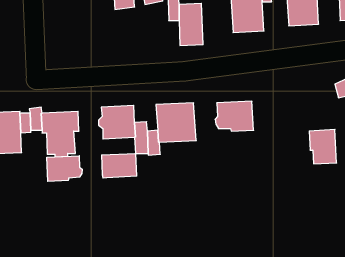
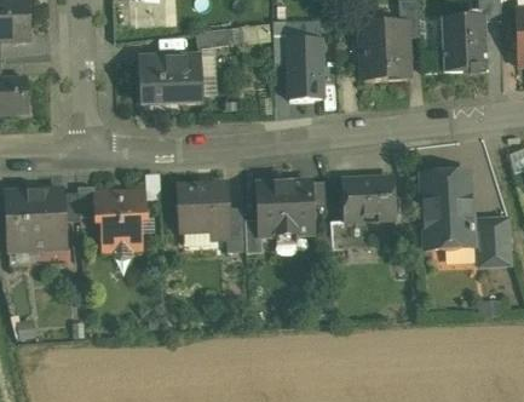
building: none -> [139,51,202,103]
building: none -> [421,171,474,248]
building: [102,153,137,178] -> none
building: [47,156,82,181] -> none

